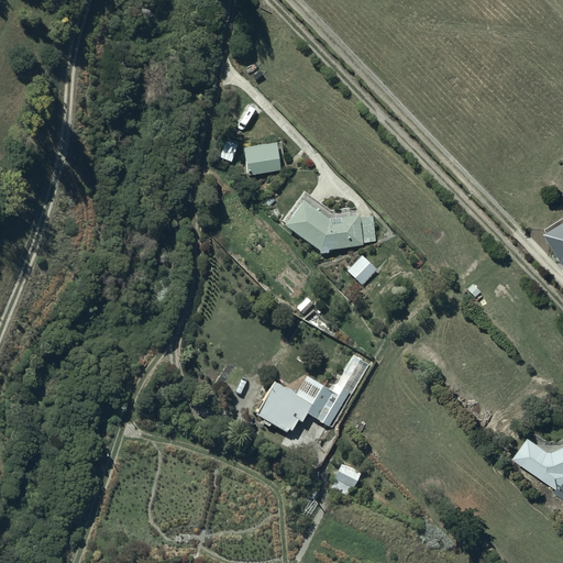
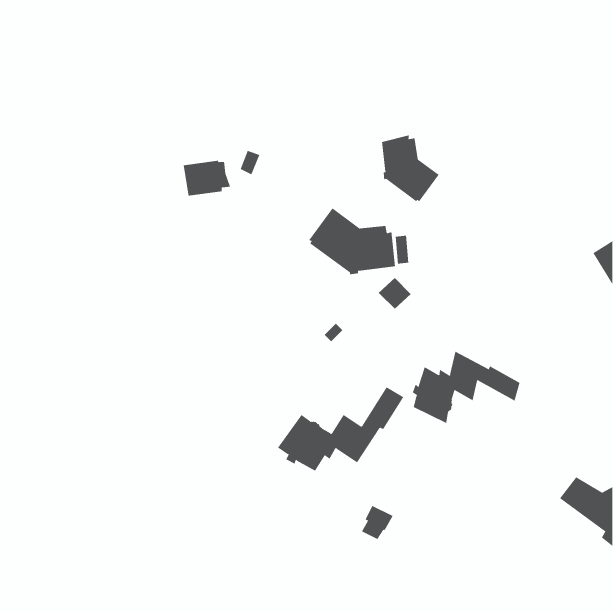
building: none -> [381,135,440,202]
building: [243,142,287,175] -> [183,160,231,196]
building: none -> [412,351,520,424]

